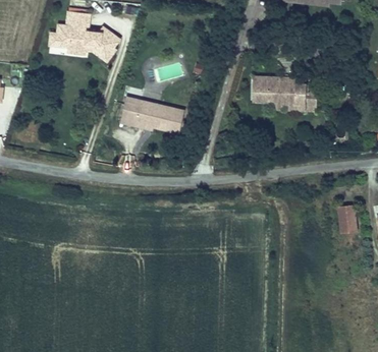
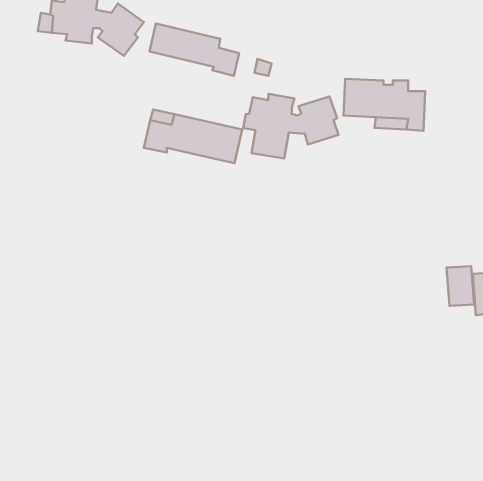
building: none -> [149,23,239,76]
building: none -> [243,94,339,158]

